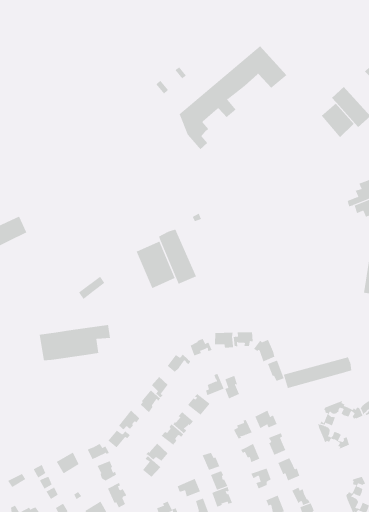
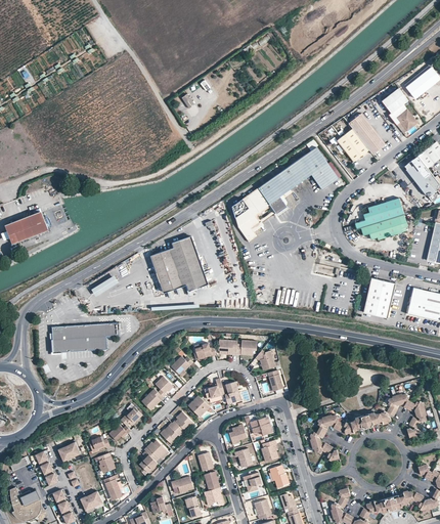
building: [179,45,287,150] -> [230,147,337,243]
building: [283,357,352,389] -> none

